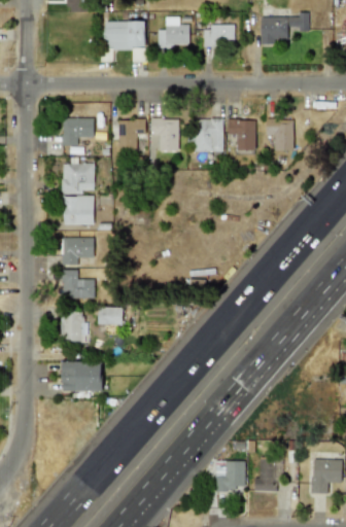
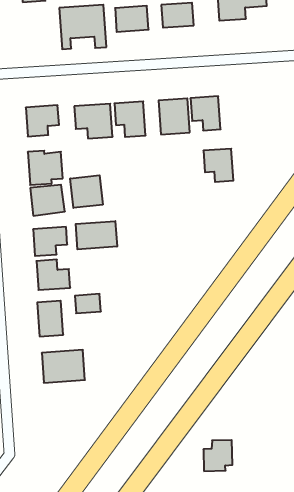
building: [266,119,293,151] -> [203,149,233,182]
building: none -> [70,175,103,208]
building: none -> [76,221,117,249]
building: [253,459,282,492] -> none

